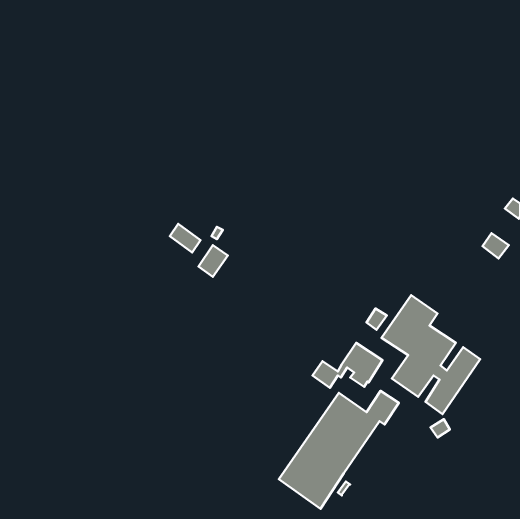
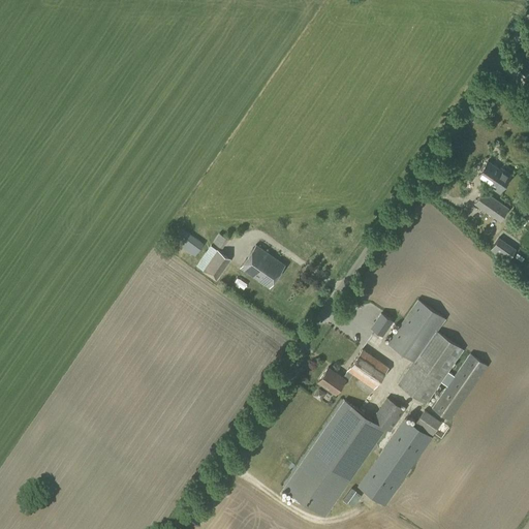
building: none -> [477,161,510,192]
building: none -> [474,192,508,223]
building: none -> [241,246,284,287]
building: none -> [357,411,441,506]

